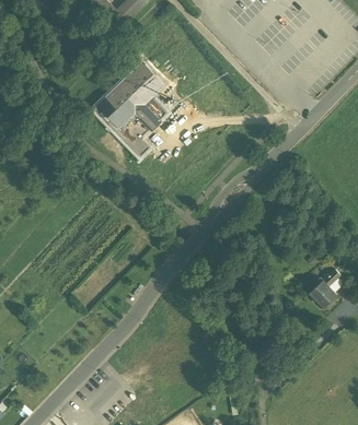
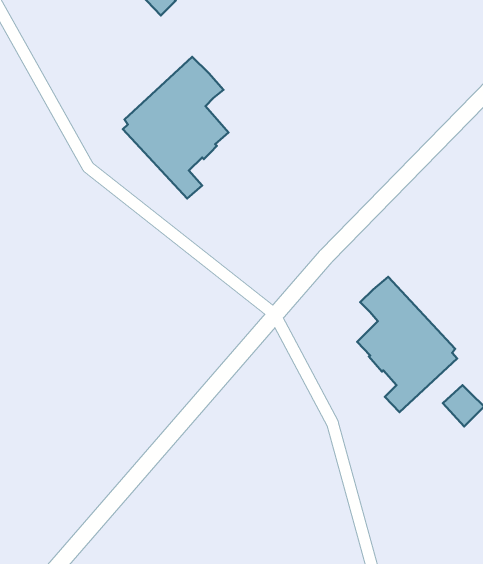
building: none -> [357,277,457,412]

